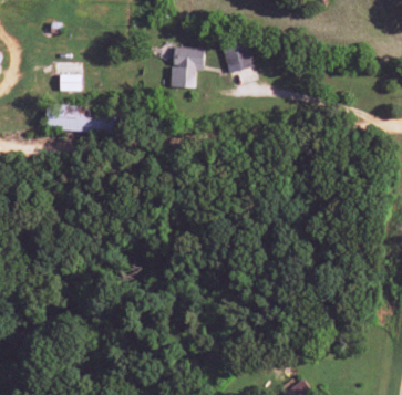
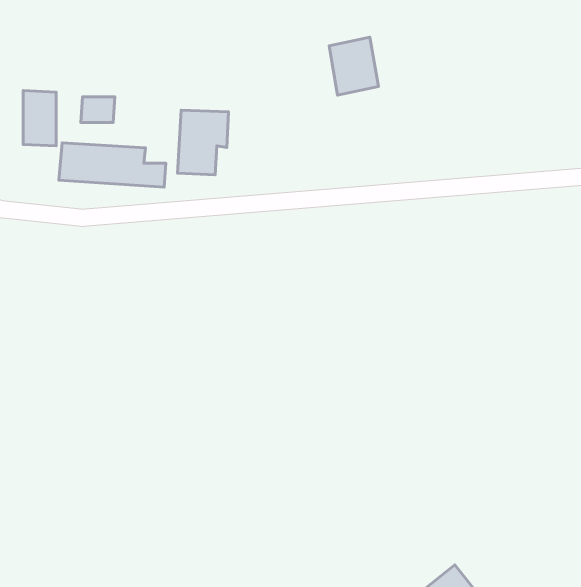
building: [171,46,204,89] -> [178,110,229,175]
building: none -> [23,90,56,146]

